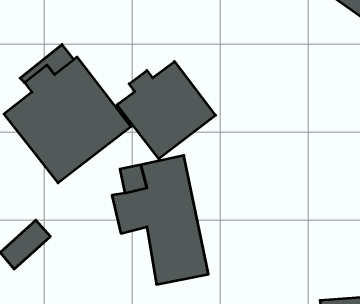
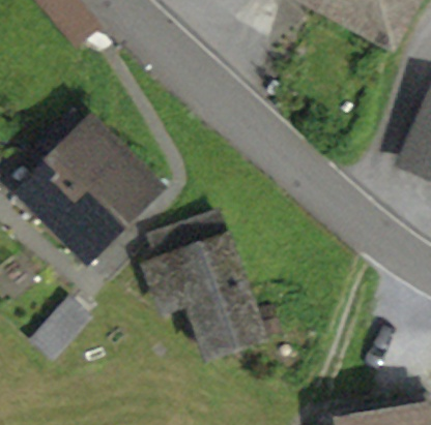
building: [117,61,216,159] -> none

